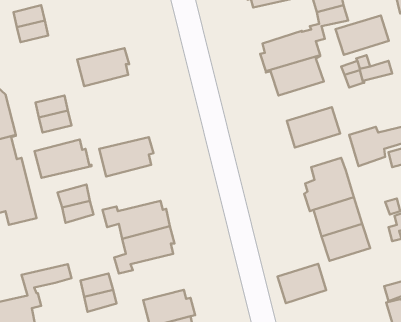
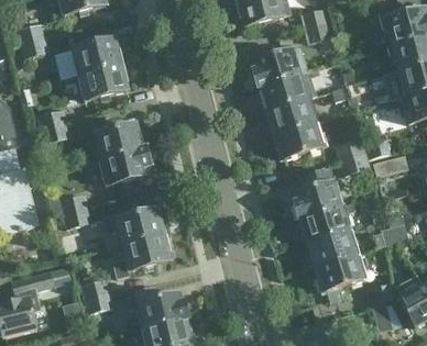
building: [336,15,389,55] -> [269,96,319,133]
building: none -> [70,38,122,75]
building: [35,140,91,178] -> [91,123,145,159]
building: [278,264,326,303] -> [317,254,363,291]

